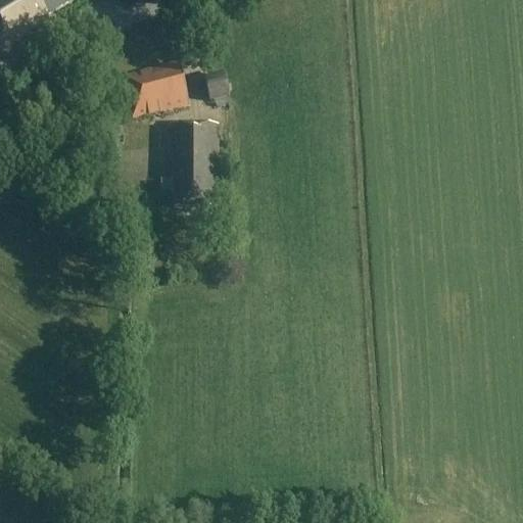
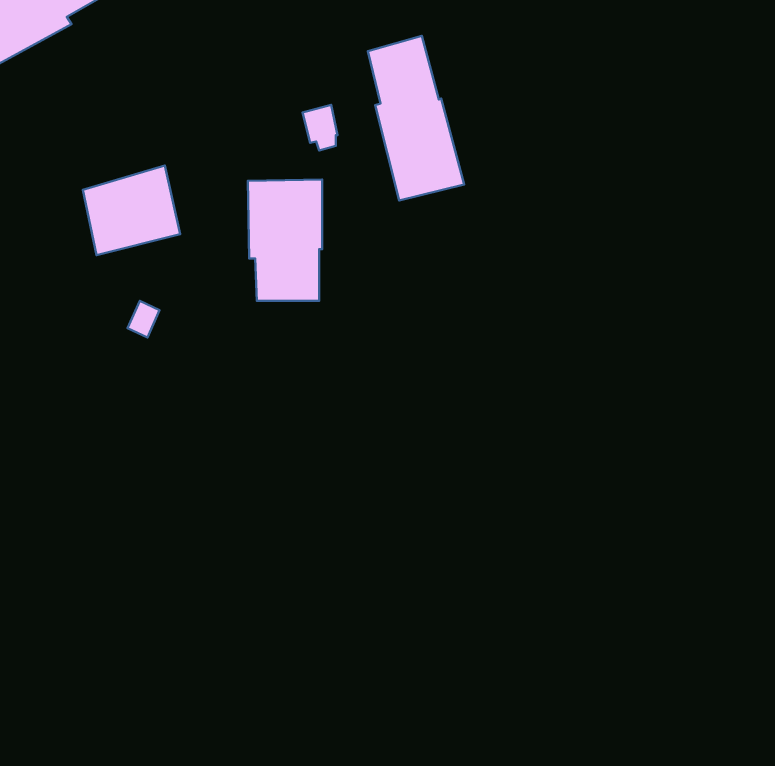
building: none -> [368,36,464,201]
building: [122,55,187,115] -> [83,166,180,255]

